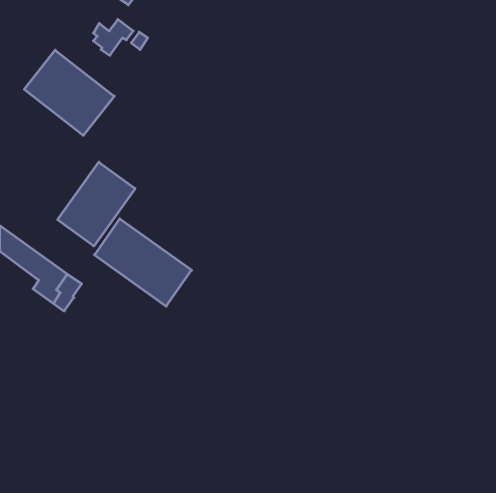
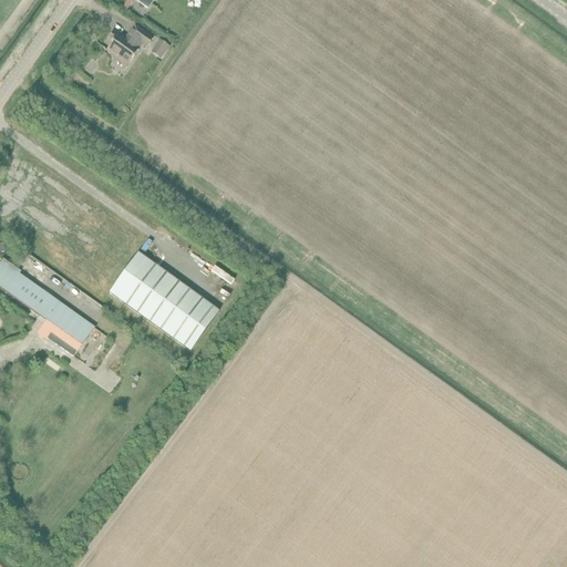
building: [24,50,114,135] -> none
building: [58,162,135,246] -> none

